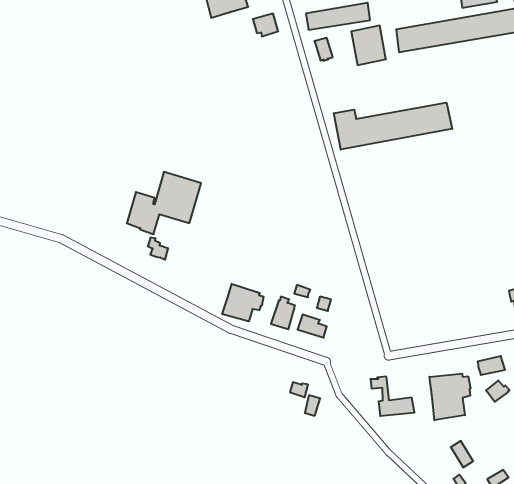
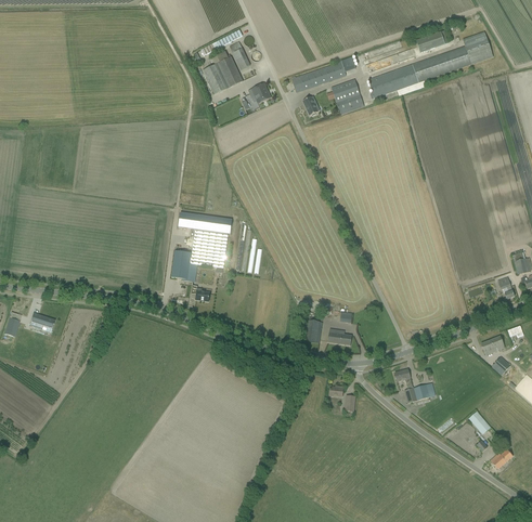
building: [334,103,452,150] -> none
building: [222,284,264,321] -> none
building: [429,374,470,420] -> none

